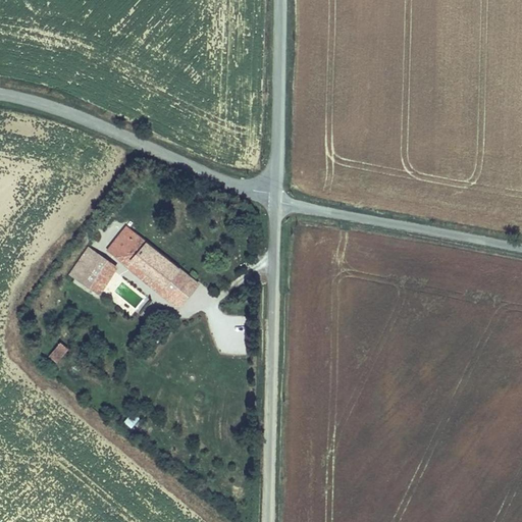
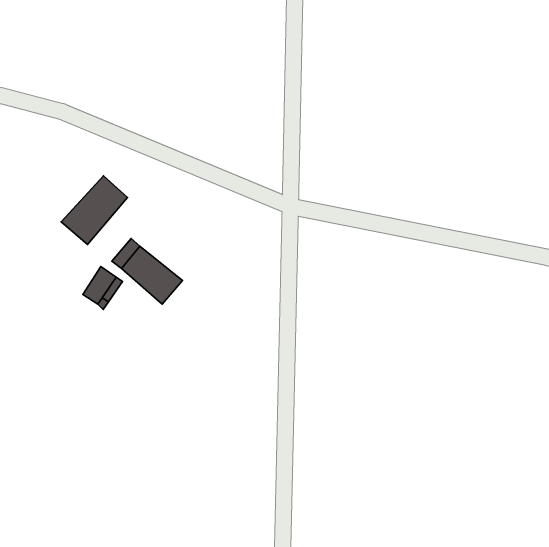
building: none -> [61,176,127,245]
building: [154,266,194,306] -> none

